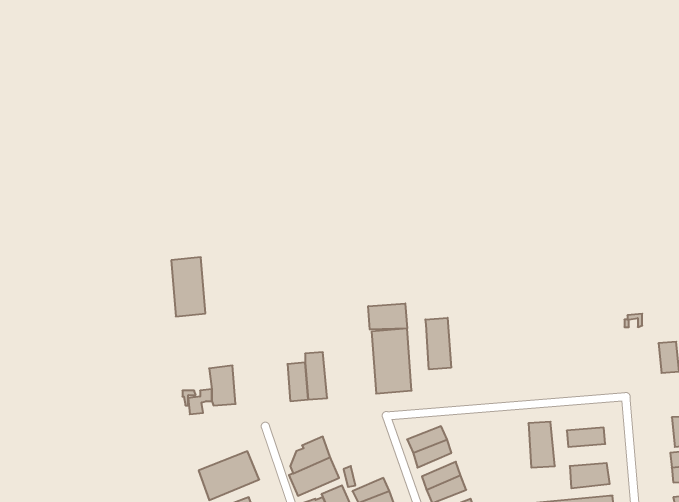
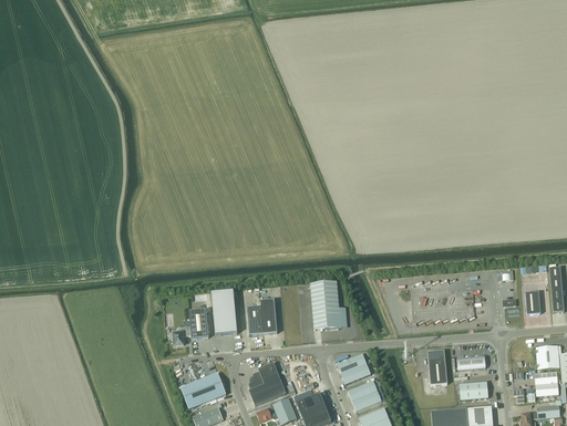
building: [171,257,205,316] -> [212,290,237,334]
building: [368,303,407,330] -> none
building: [425,318,451,369] -> none

